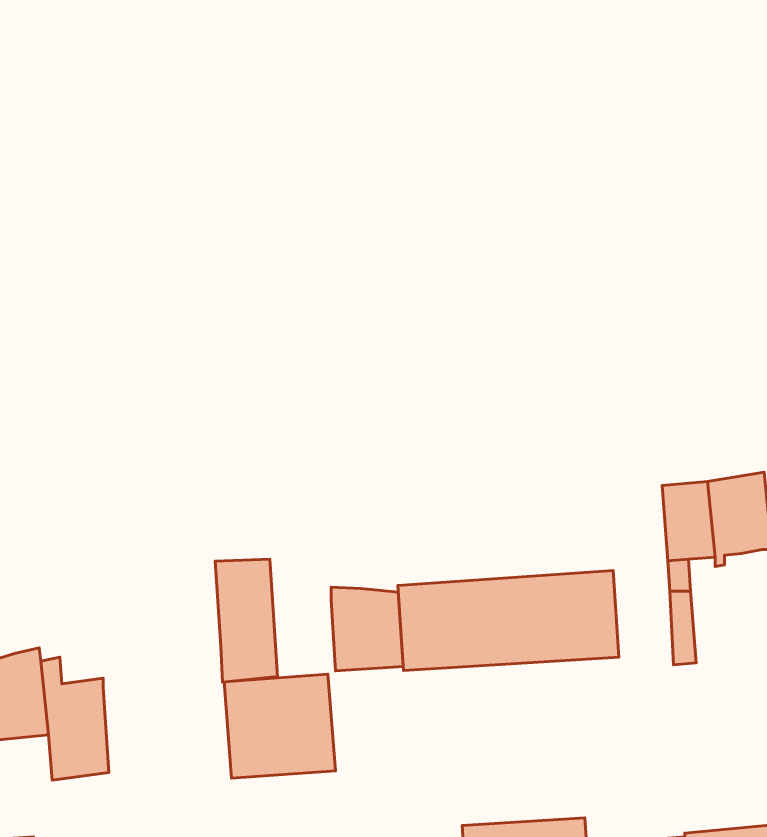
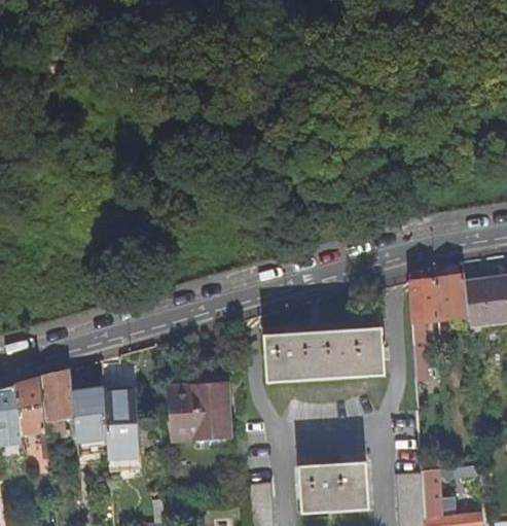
building: [215,559,277,682] -> [104,389,138,456]
building: [331,587,403,671] -> none

